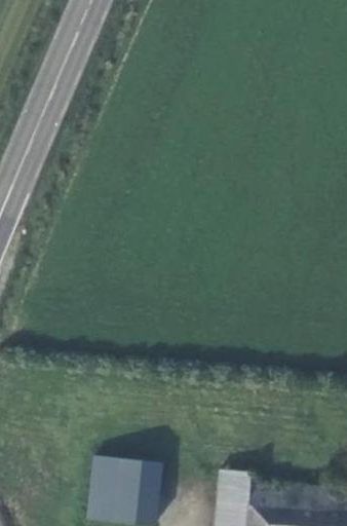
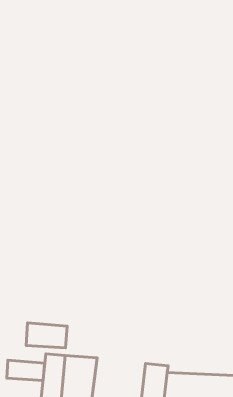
building: none -> [26,323,67,348]
building: none -> [7,360,44,380]

